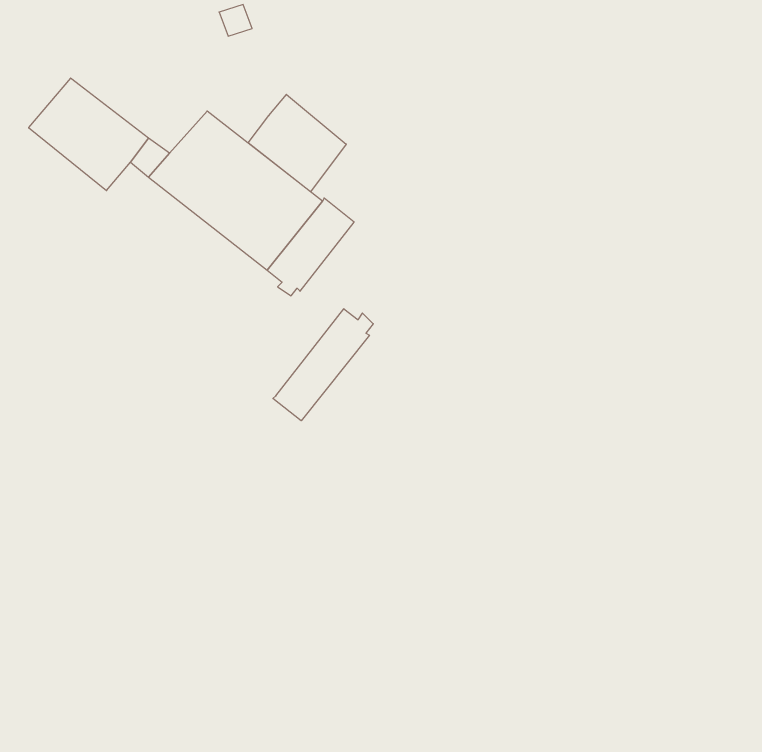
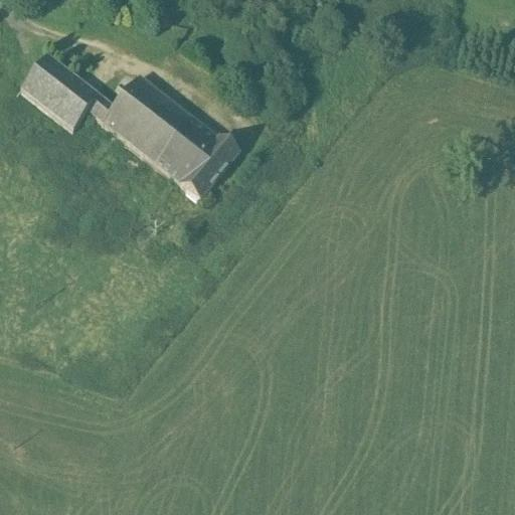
building: [248,94,346,192] -> none
building: [273,309,373,421] -> none

